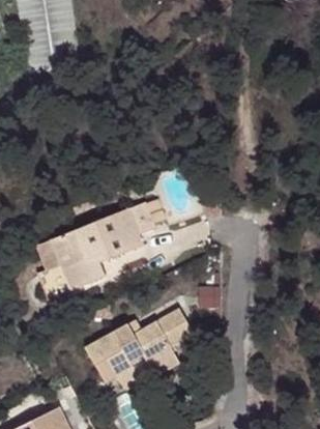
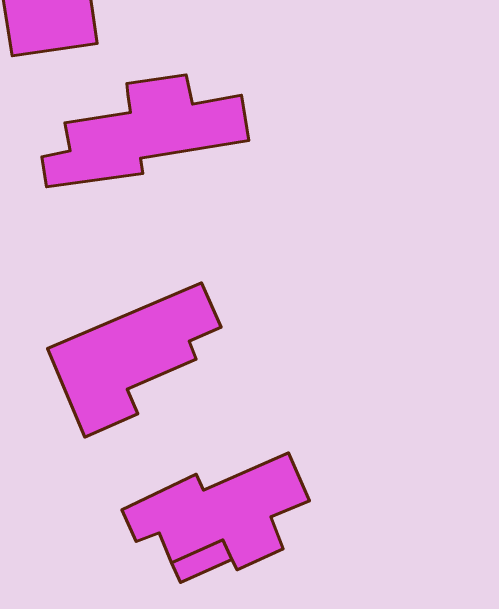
building: none -> [42,75,249,187]

